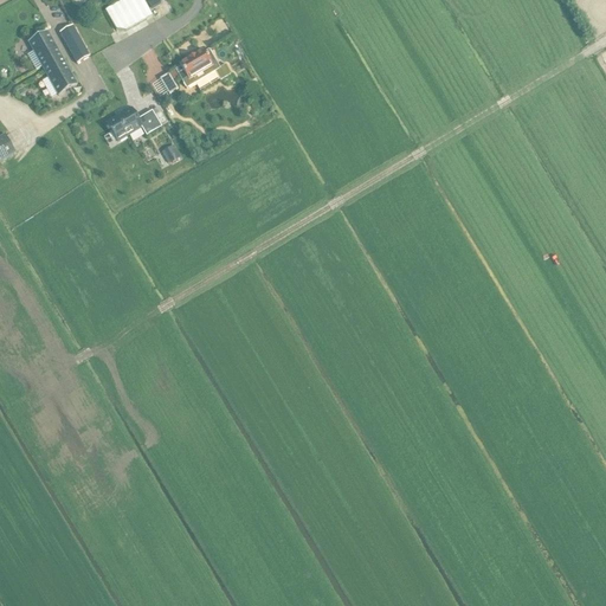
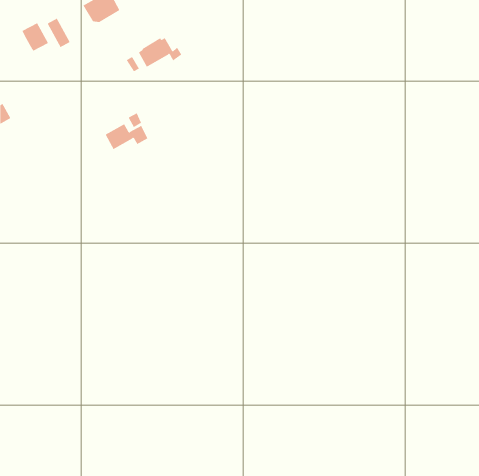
building: [41,54,77,92] -> none
building: [104,105,159,138] -> [105,123,148,150]

